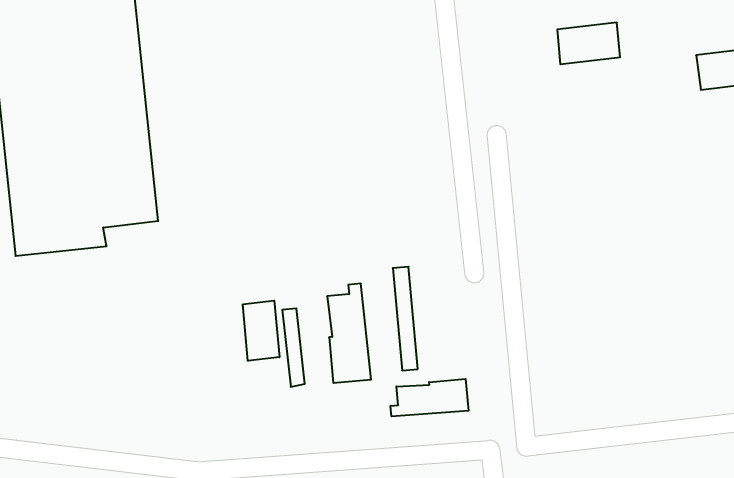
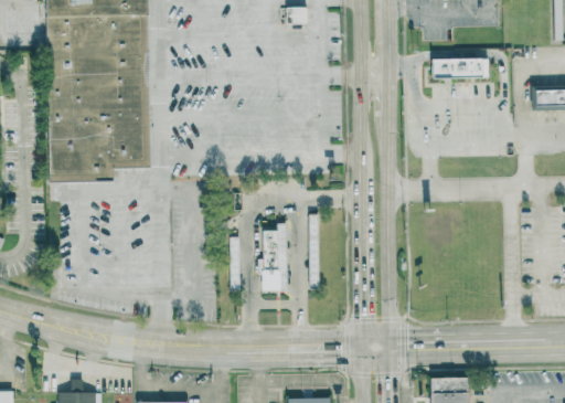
building: [243,301,279,361] -> none
building: [391,379,469,416] -> none

